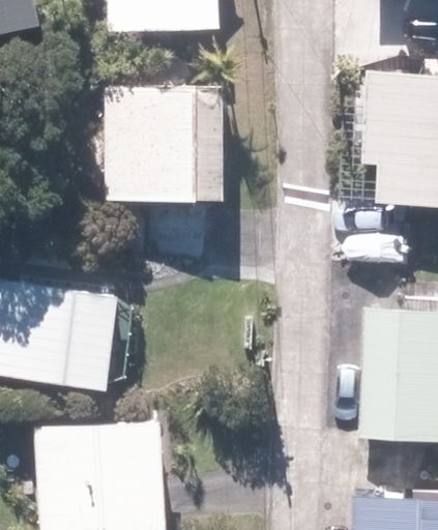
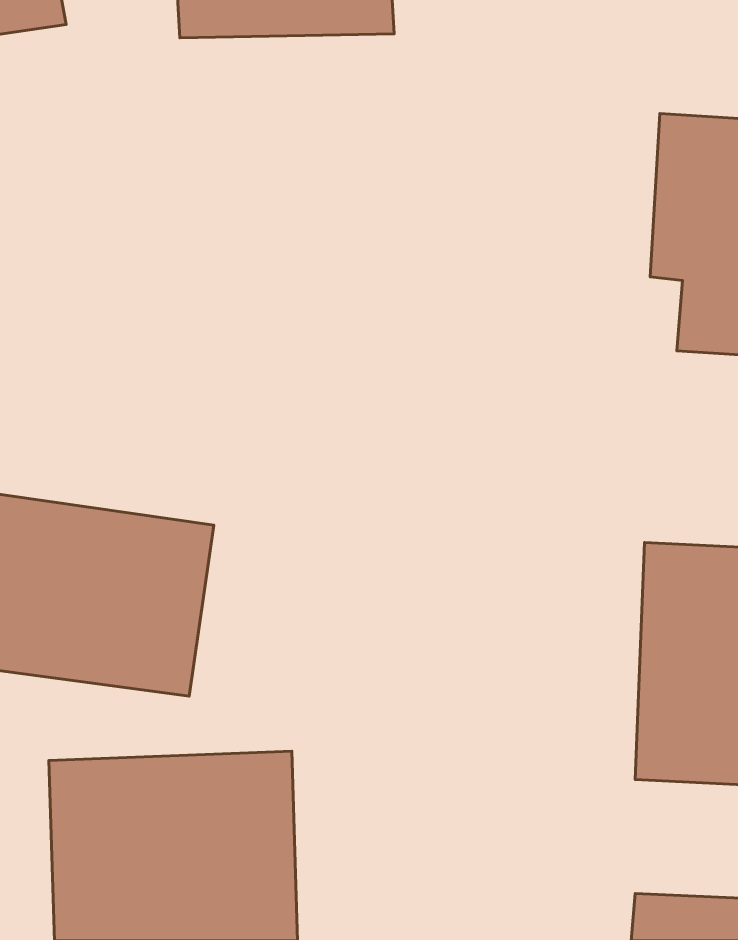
building: [100,87,226,201] -> none

